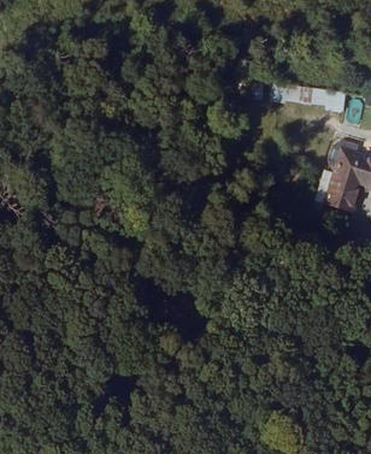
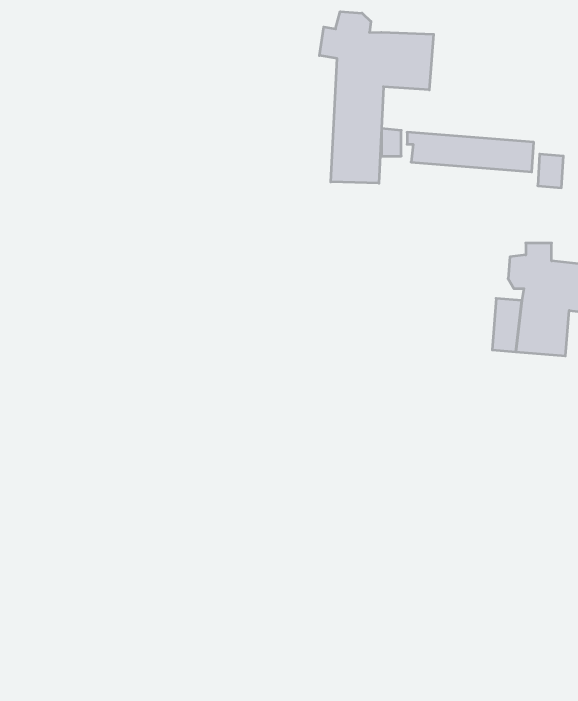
building: none -> [319,12,434,183]

